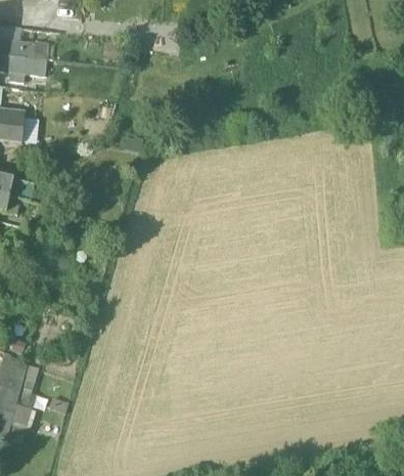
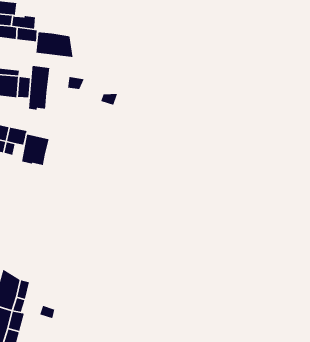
building: none -> [36,32,73,58]
building: none -> [28,65,50,110]
building: none -> [21,133,49,166]

